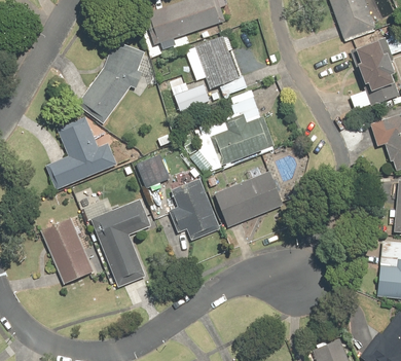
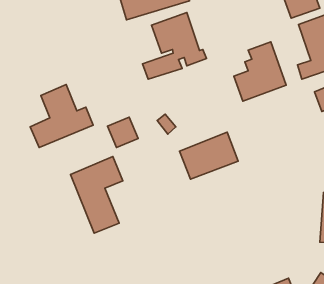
building: [77,39,160,123] -> none
building: [213,95,272,163] -> [234,42,286,101]
building: [168,177,221,239] -> none
building: [42,217,92,283] -> none

